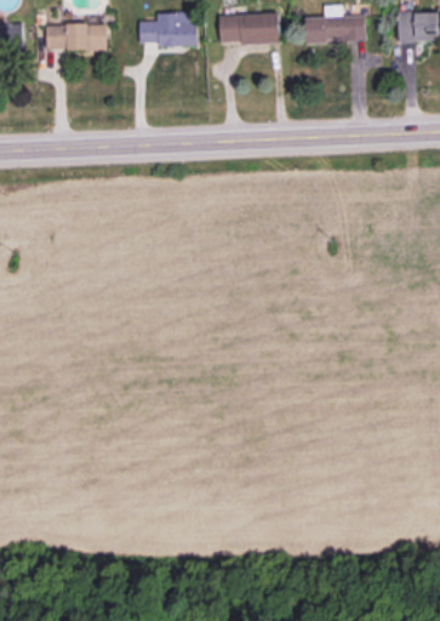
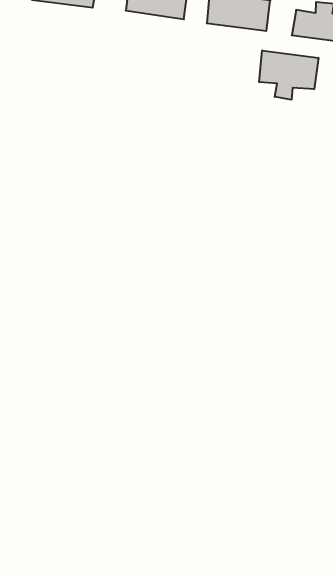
building: none -> [259,50,318,100]

